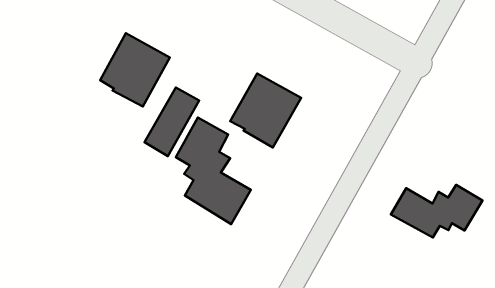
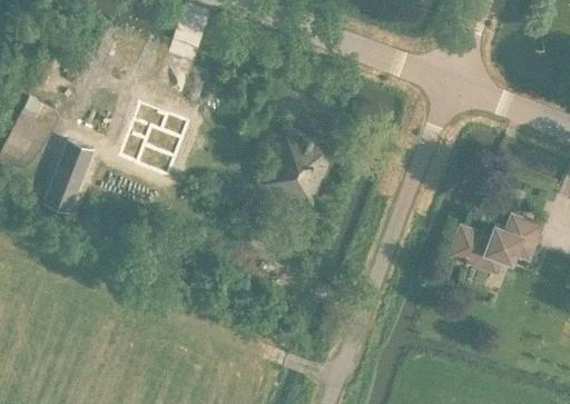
building: [145,88,199,156] -> [45,141,96,215]
building: [176,117,251,224] -> none

